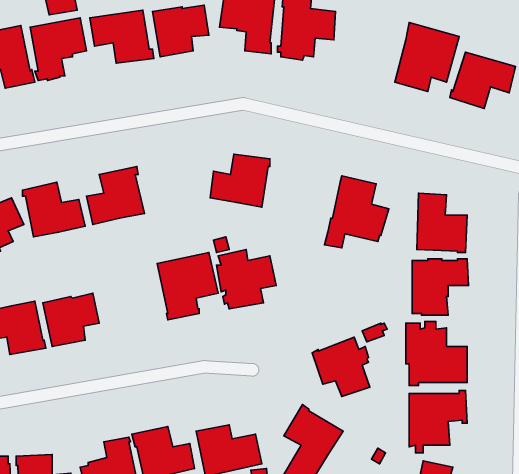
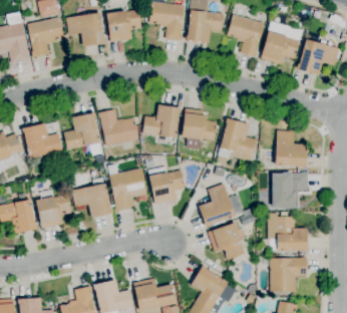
building: none -> [227,14,265,56]
building: none -> [182,107,217,148]
building: none -> [99,108,139,150]
building: none -> [72,176,114,218]
building: none -> [200,183,236,227]

